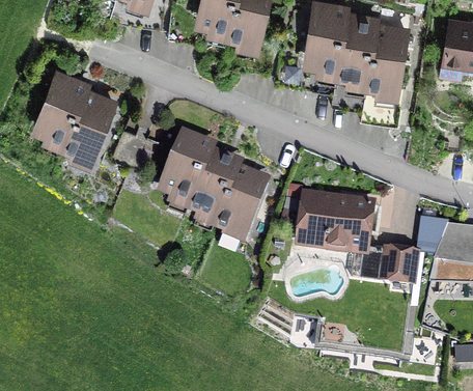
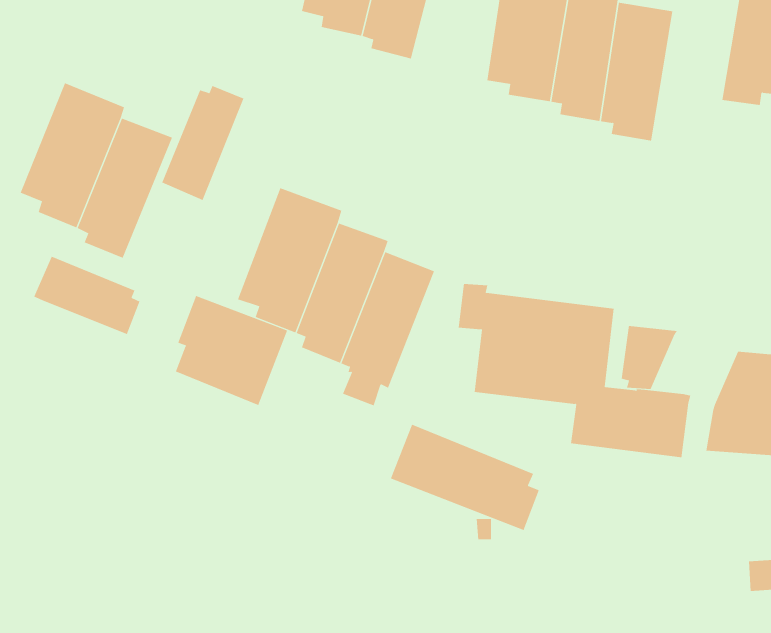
building: none -> [162,85,244,201]
building: none -> [33,256,140,335]
building: none -> [175,295,288,406]
building: [417,218,450,255] -> [621,326,678,390]
building: none -> [390,424,540,531]

